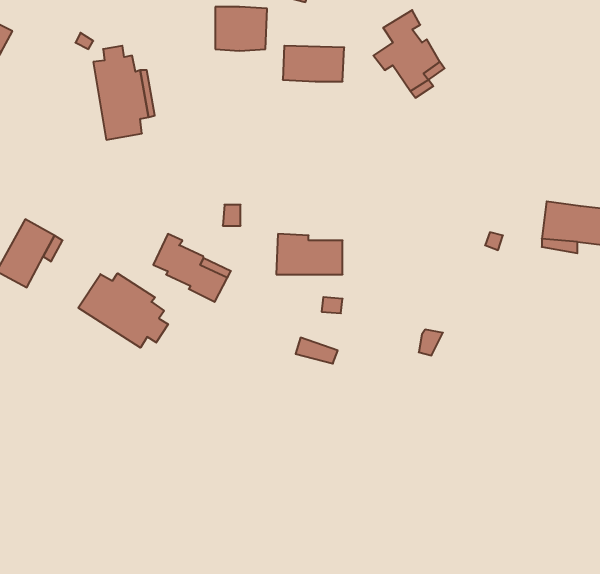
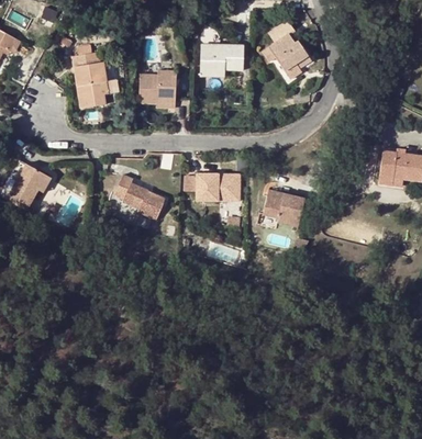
building: [215,7,267,51] -> [140,76,175,105]
building: none -> [263,190,307,227]
building: [78,273,168,348] -> none

